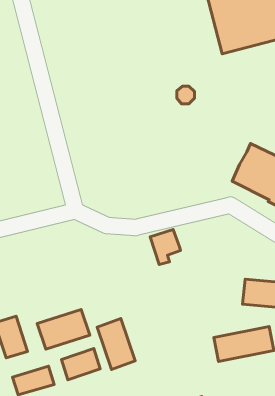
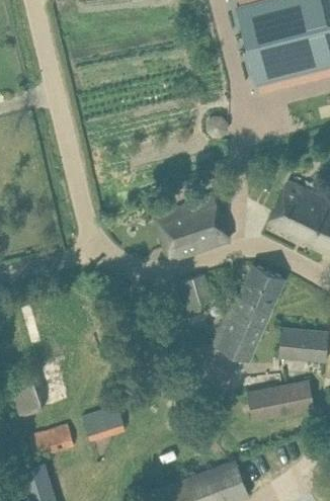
building: none -> [154,195,229,261]
building: none -> [213,264,285,361]
building: [37,310,90,349] -> none
building: [97,319,135,369] -> none

